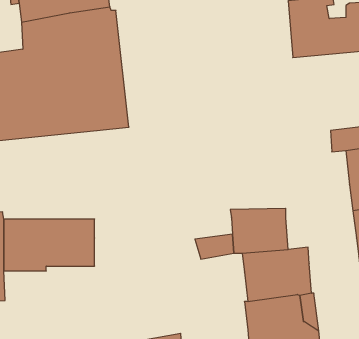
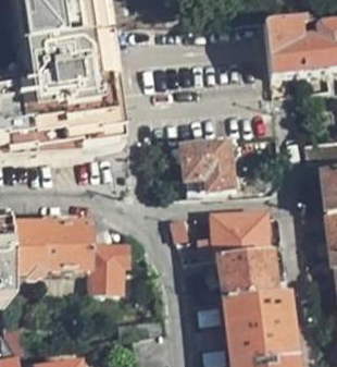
building: none -> [185,139,234,189]
building: none -> [88,243,126,289]

